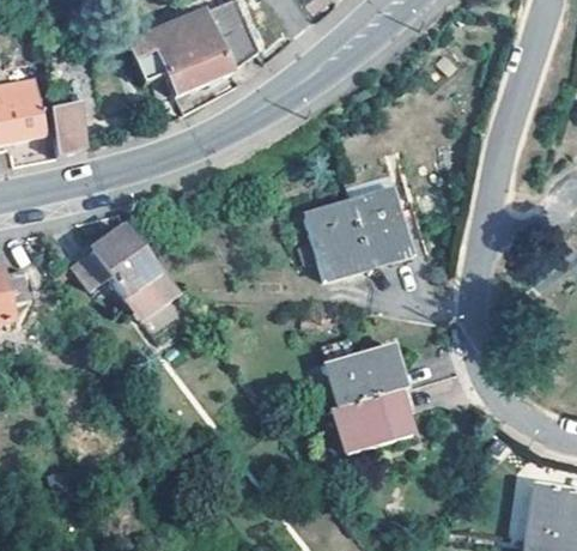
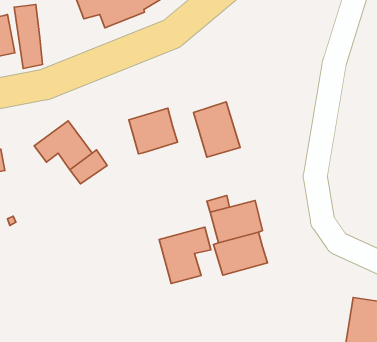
building: [350,188,413,267] -> none
building: none -> [129,108,178,154]
building: none -> [159,227,211,284]

